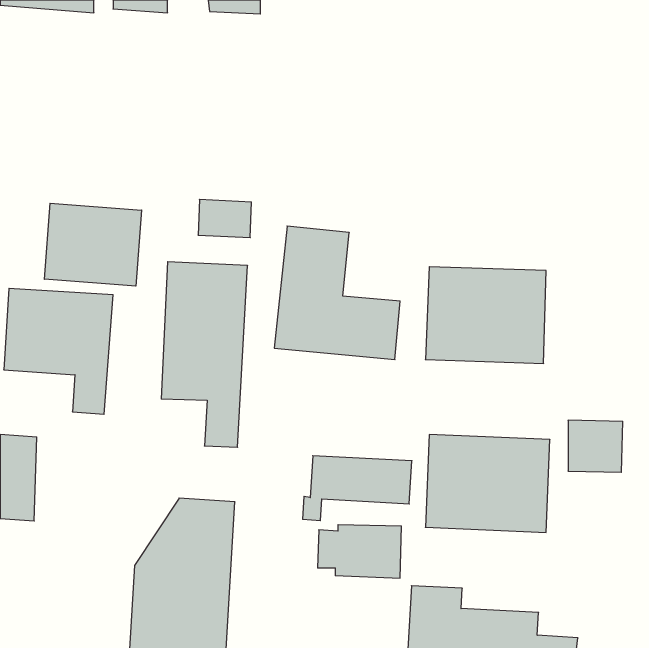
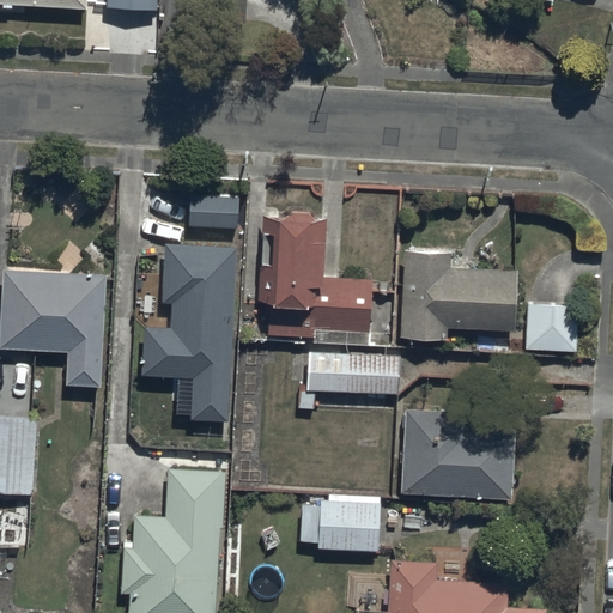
building: [44,203,142,286] -> none
building: [568,420,623,472] -> [524,297,576,346]
building: [303,456,412,521] -> [297,345,400,406]

